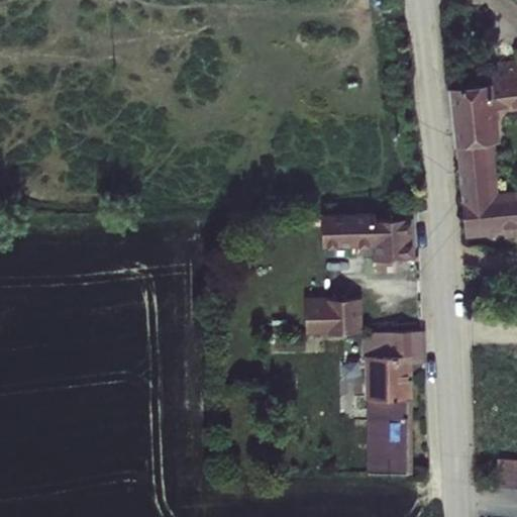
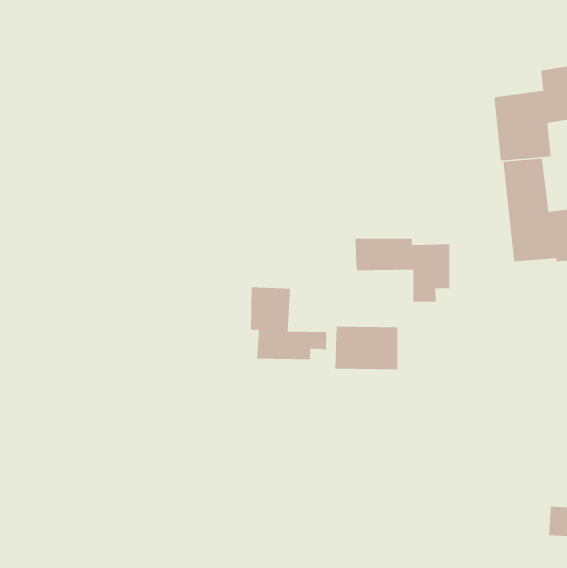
building: none -> [250,286,327,360]
building: [366,333,420,474] -> none

